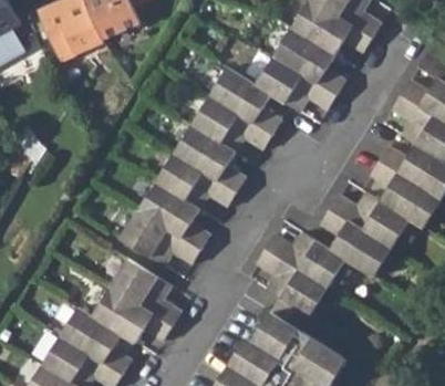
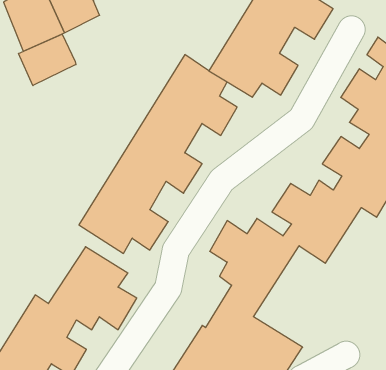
building: none -> [19,34,76,86]

